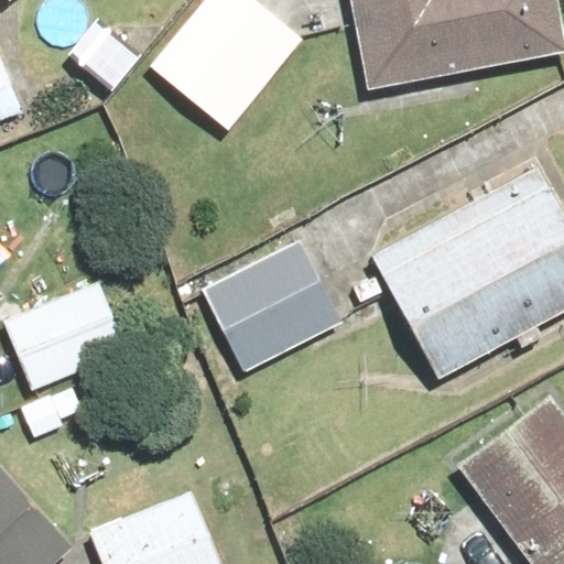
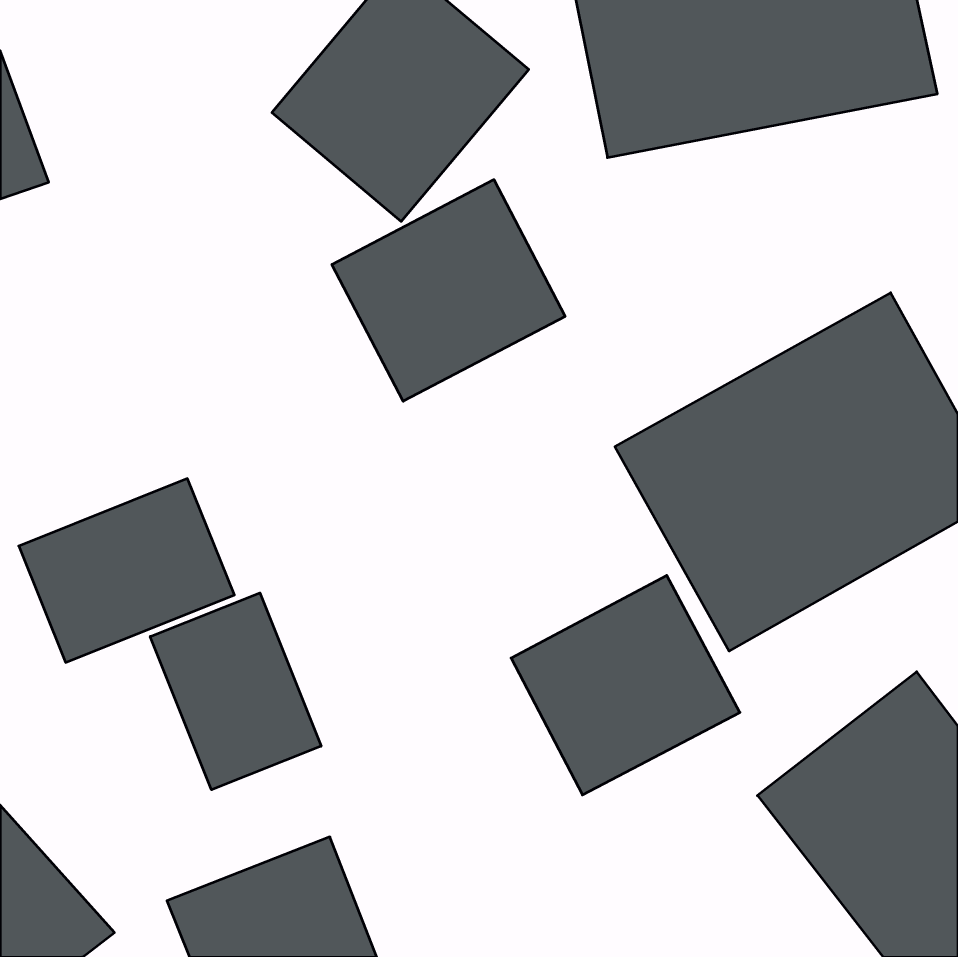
building: none -> [332,180,565,401]
building: [210,241,345,370] -> [511,575,740,795]
building: none -> [150,593,321,790]

